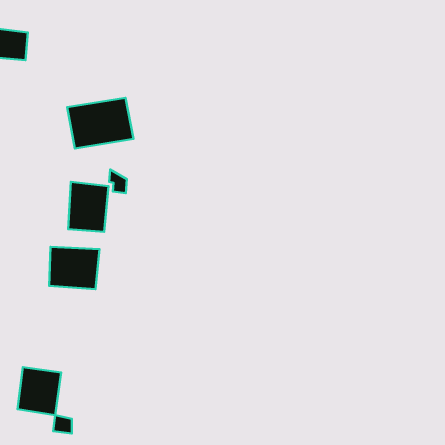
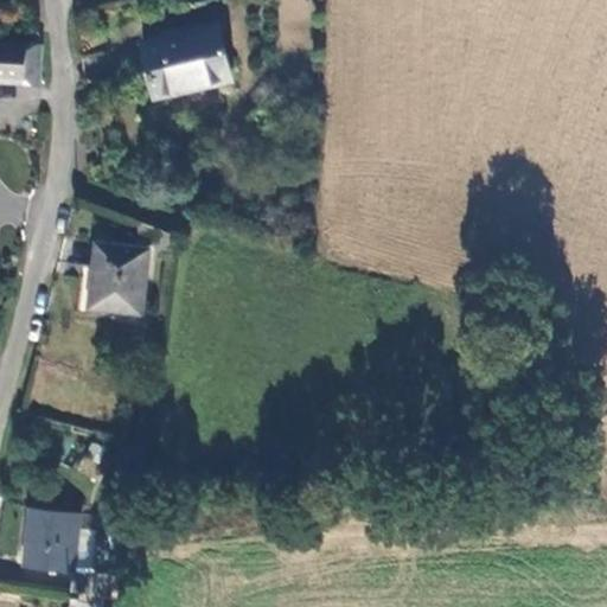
building: [67,98,133,148] -> [135,33,225,102]
building: [49,247,100,289] -> none

